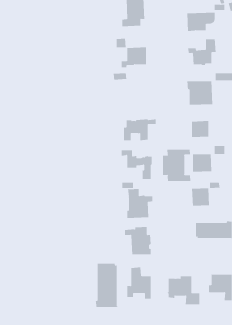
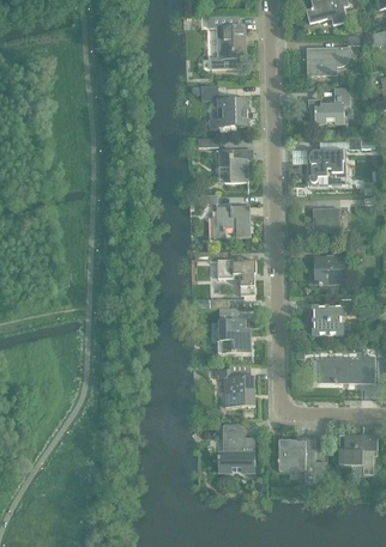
building: none -> [218,148,253,182]
building: [162,149,191,182] -> none
building: [95,263,118,308] -> none

